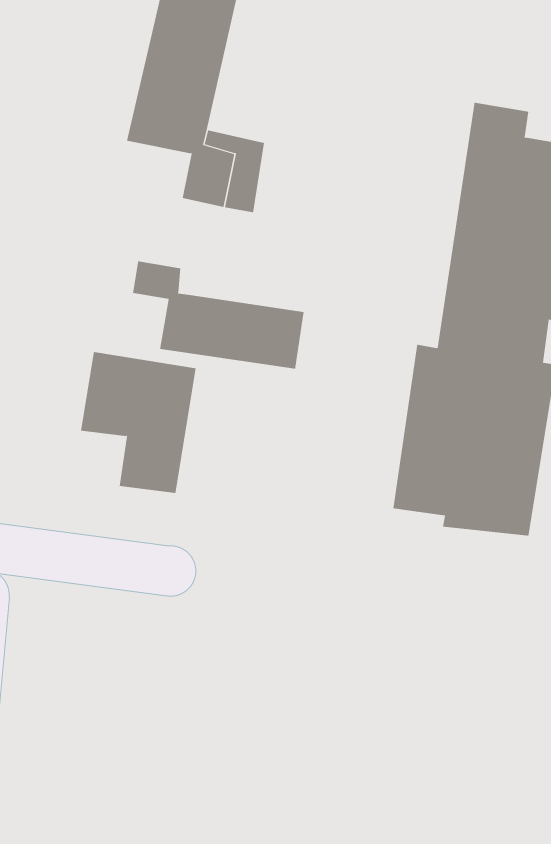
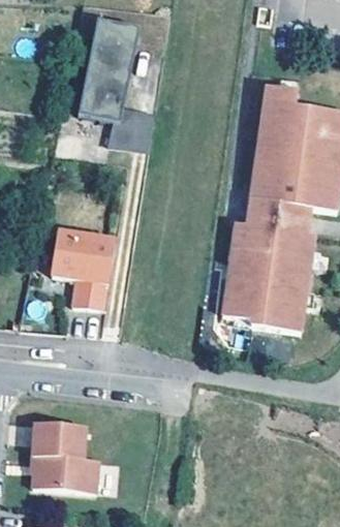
building: [133,260,304,369] -> none
building: none -> [27,422,93,492]

